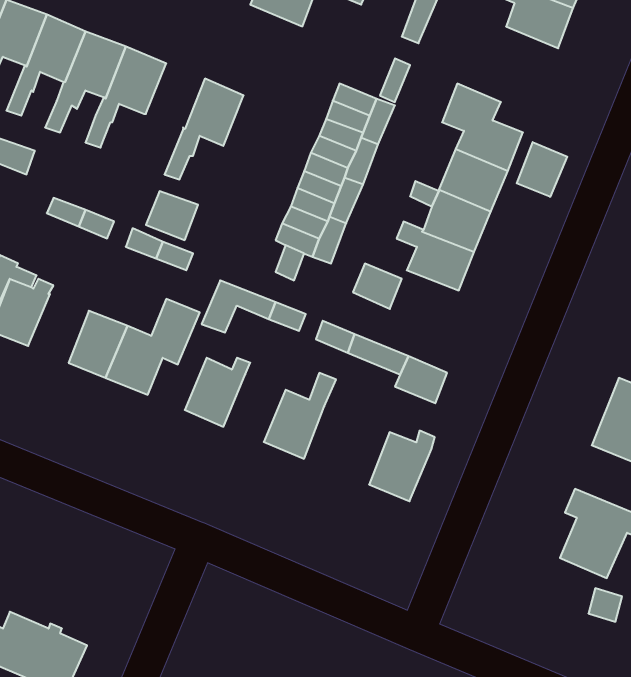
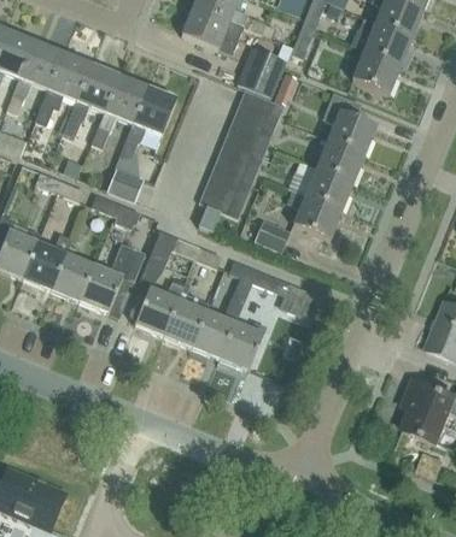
building: none -> [236,47,286,98]
building: none -> [352,49,402,94]
building: none -> [90,76,148,148]
building: [517,142,567,197] -> none
building: none -> [22,232,71,290]
building: none -> [162,299,209,347]
building: [369,431,435,501] -> [220,320,267,371]

